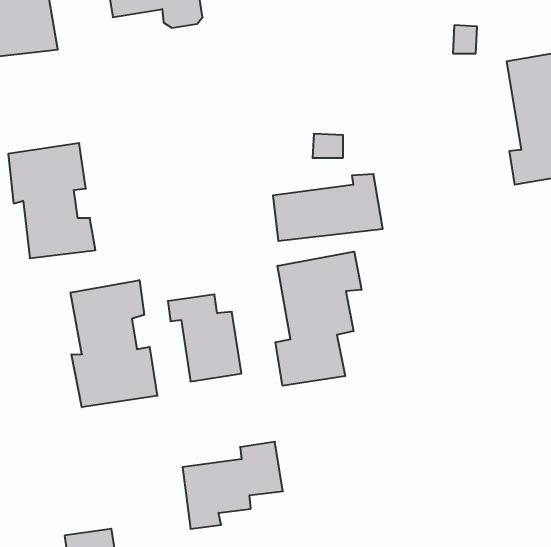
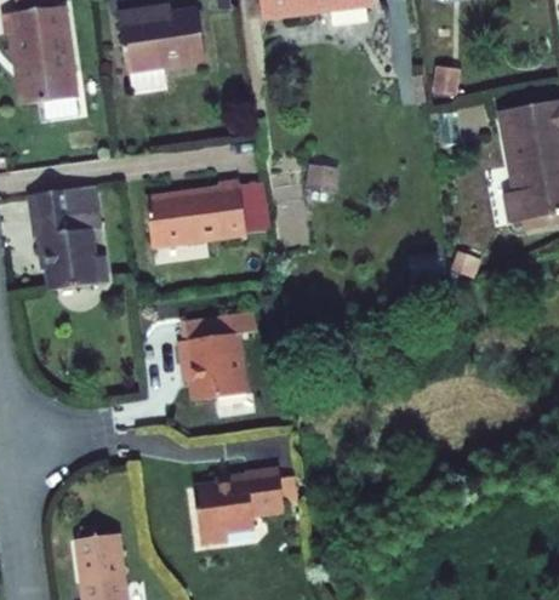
building: [273,174,383,241] -> [152,182,251,242]
building: [276,252,361,386] -> none
building: [71,280,157,407] -> none

